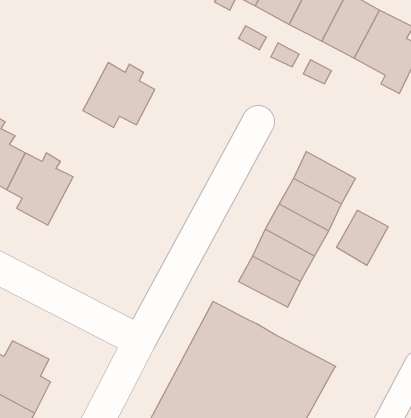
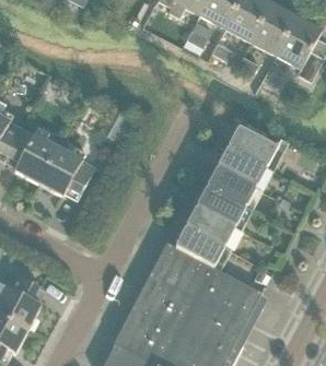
building: [83,63,155,128] -> [38,145,94,196]
building: [337,210,388,265] -> none
building: none -> [175,226,224,267]

